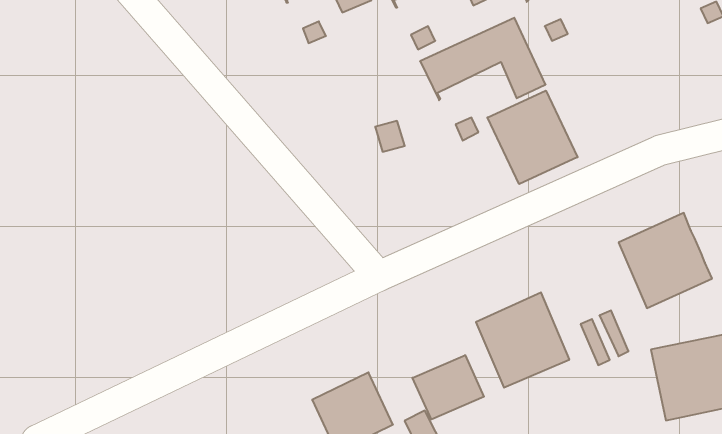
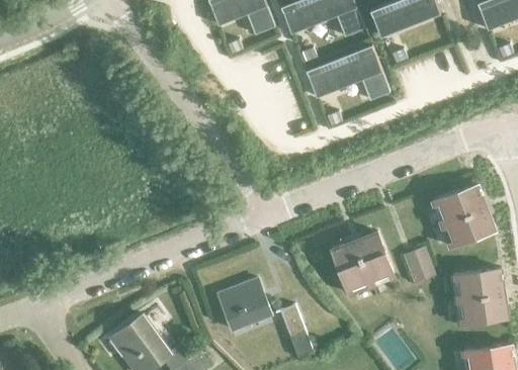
building: [487,91,578,184] -> none
building: [412,355,484,419] -> none

